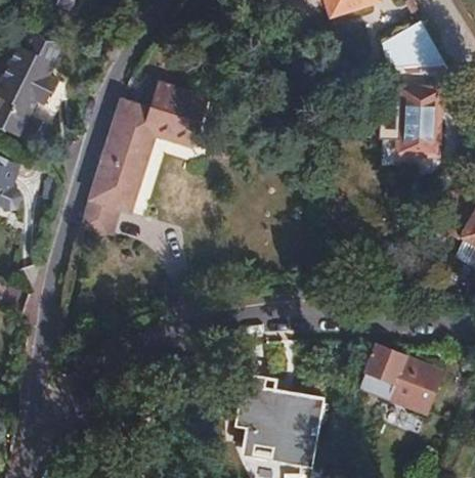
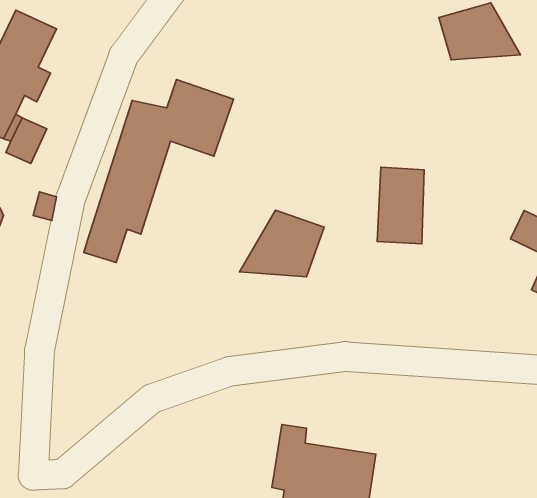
building: [398,91,437,155] -> [377,167,424,244]
building: none -> [239,210,324,277]
building: [361,349,447,418] -> none

